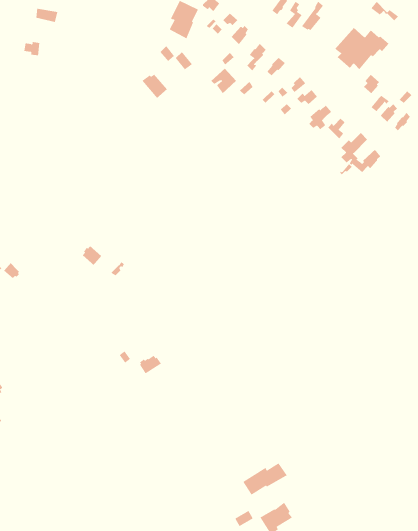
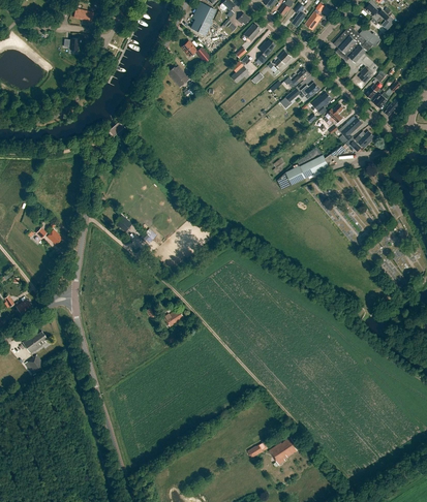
building: none -> [278,147,330,190]
building: [243,463,287,495] -> none

